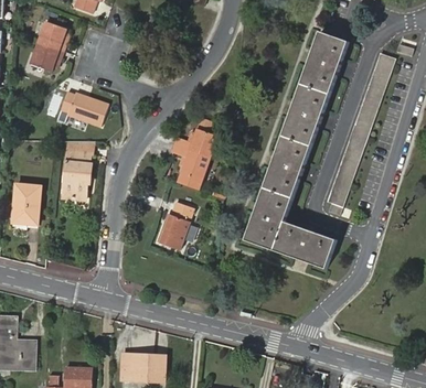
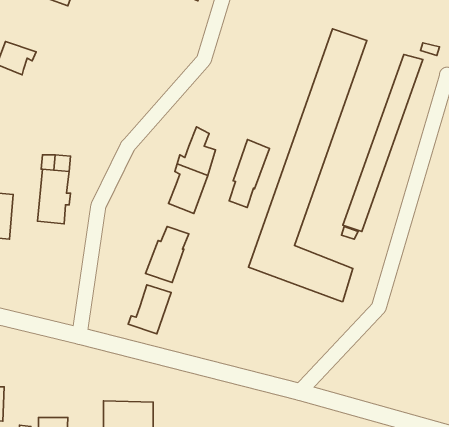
building: [36,21,66,52] -> none
building: [54,91,108,127] -> none
building: none -> [229,140,270,207]
building: none -> [128,285,171,334]

